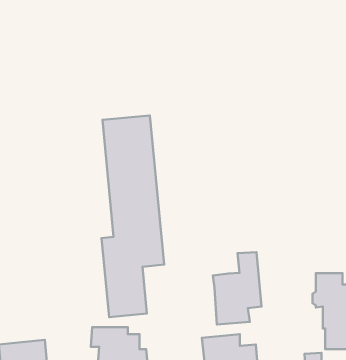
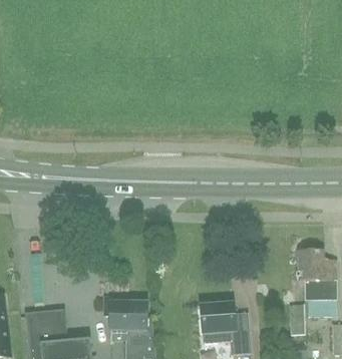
building: [101,116,164,317] -> none
building: [213,252,261,324] -> none

